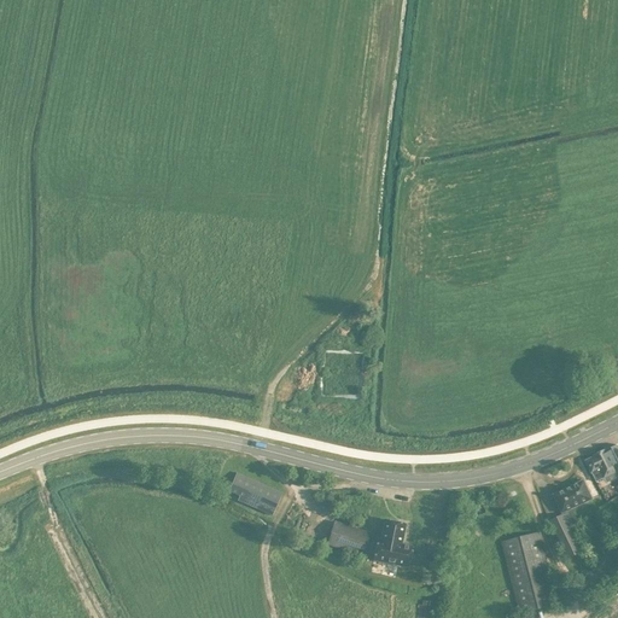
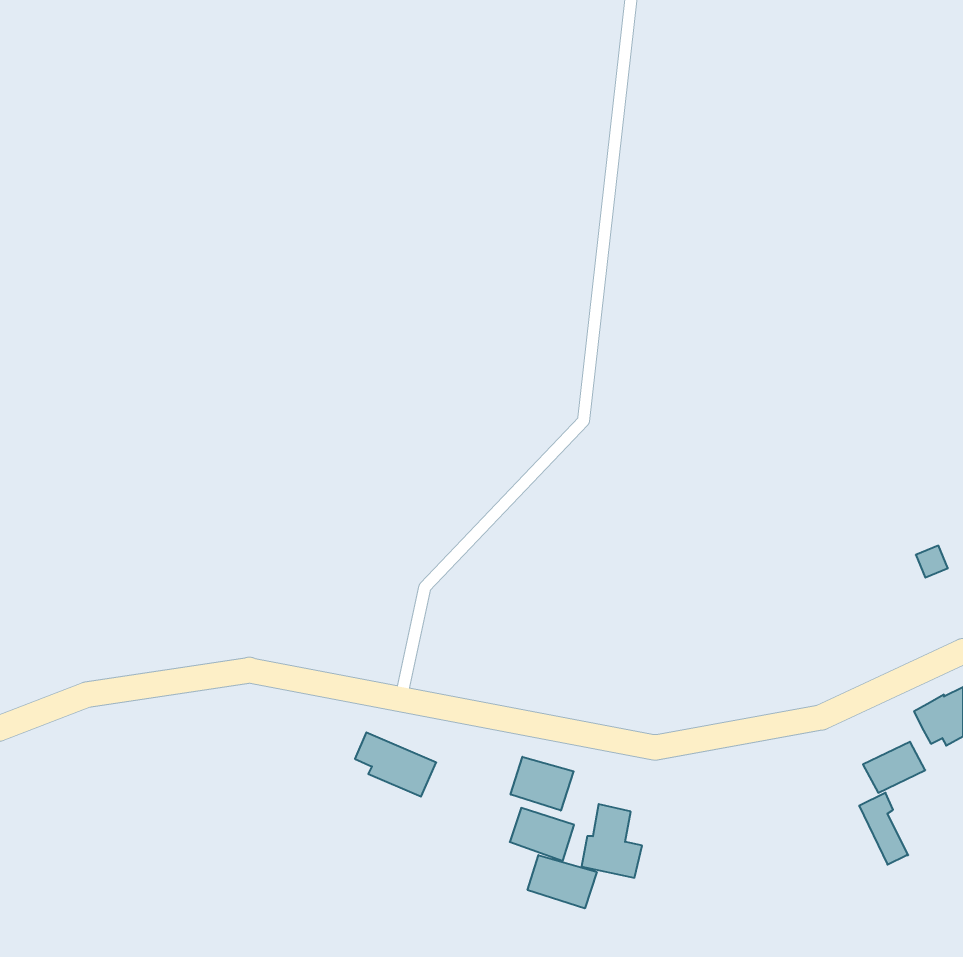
building: none -> [511,757,574,811]
building: [501,532,556,612] -> none
building: none -> [528,855,597,908]

